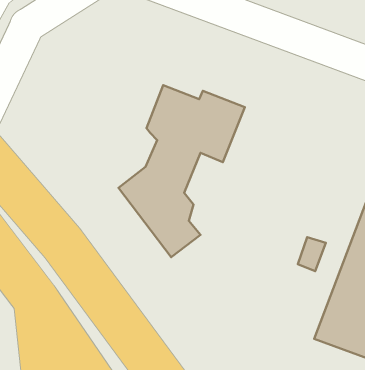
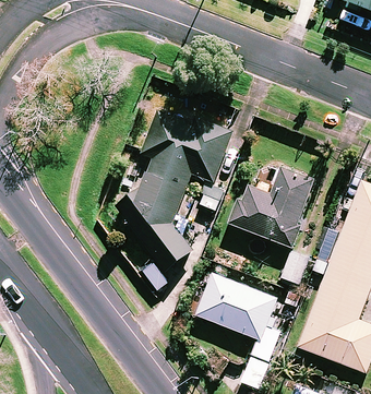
building: none -> [231,167,314,248]
building: none -> [196,271,280,361]

